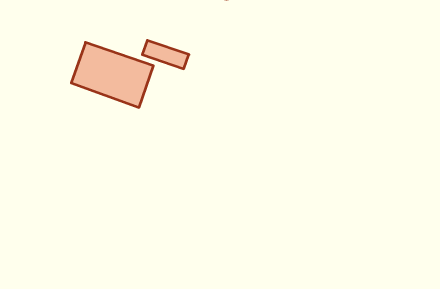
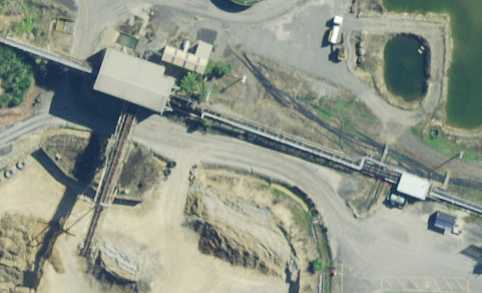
building: none -> [400,172,432,199]

